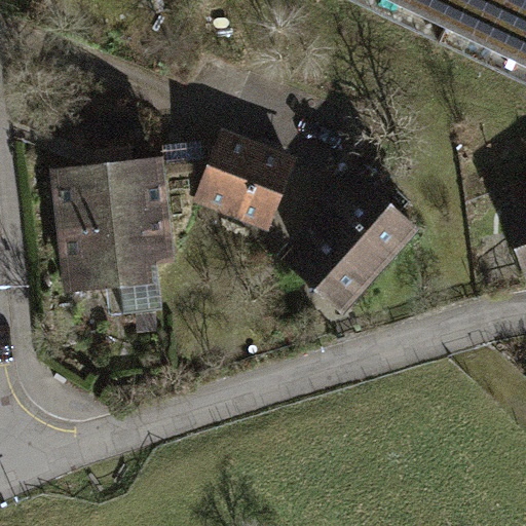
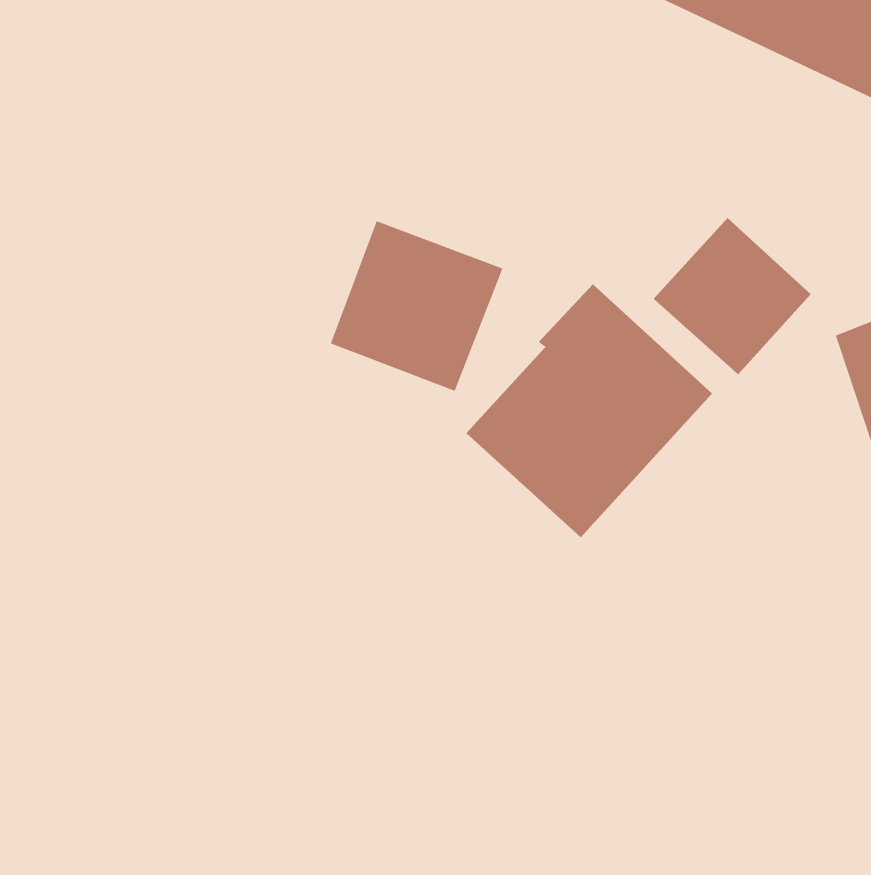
building: none -> [653,217,811,375]
building: [53,164,164,310] -> none

